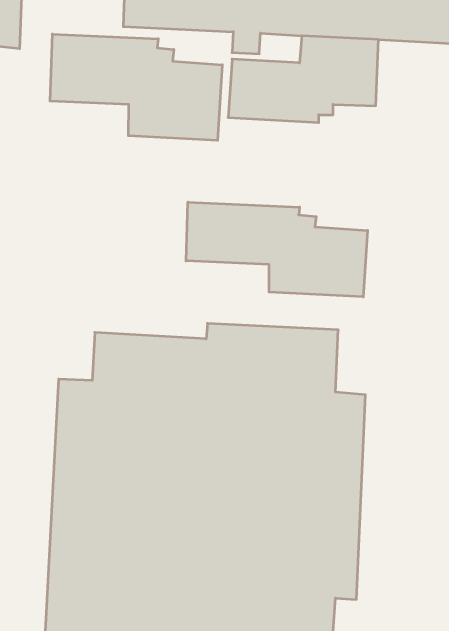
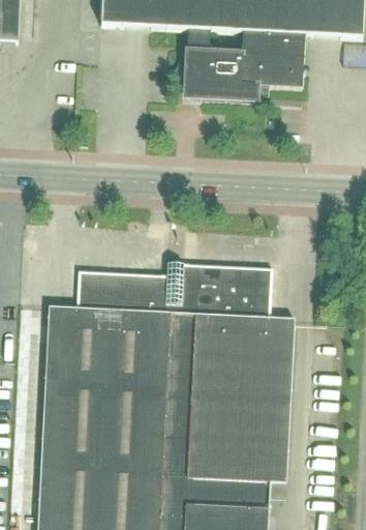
building: [50,34,222,140] -> none
building: [186,202,368,297] -> none

